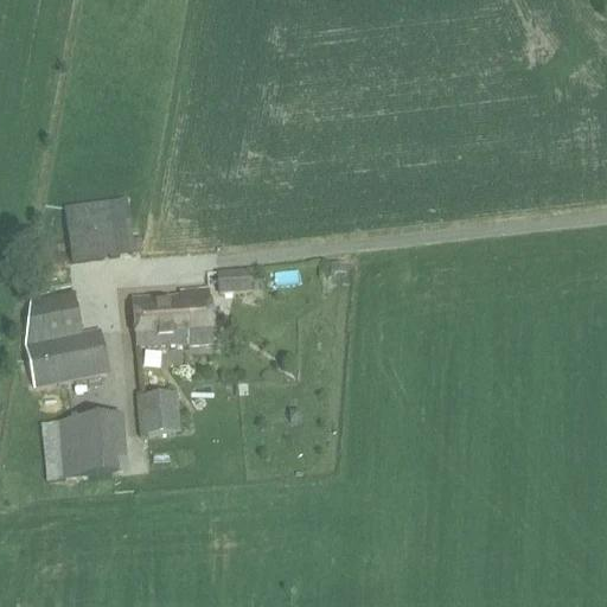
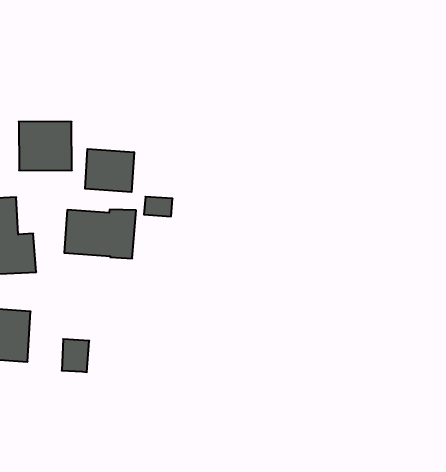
building: none -> [85,149,134,192]
building: [145,395,177,433] -> [62,339,89,372]

